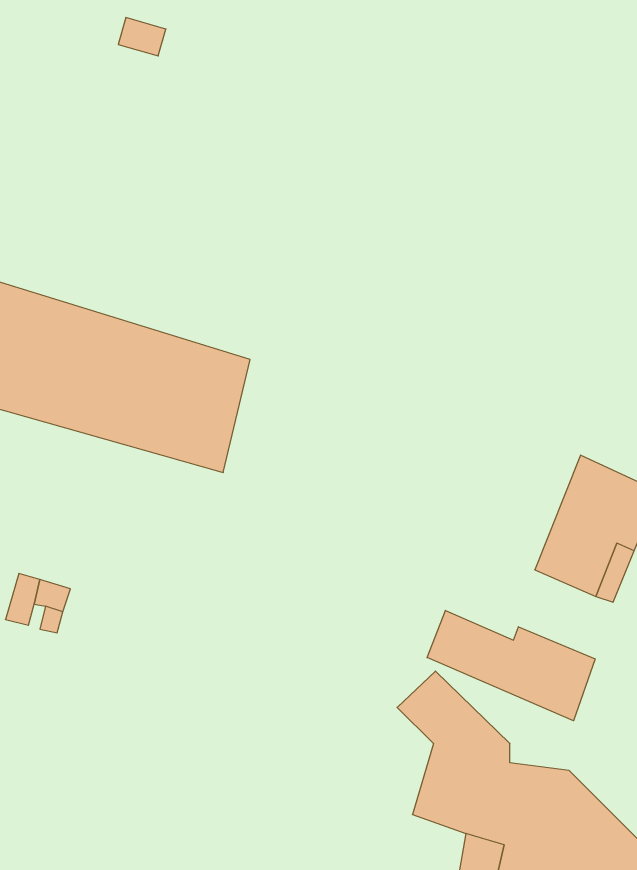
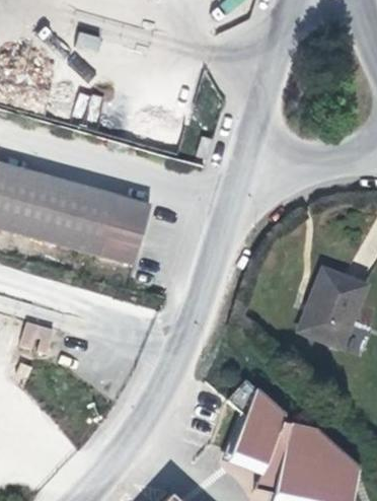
building: [427,610,595,721] -> none

